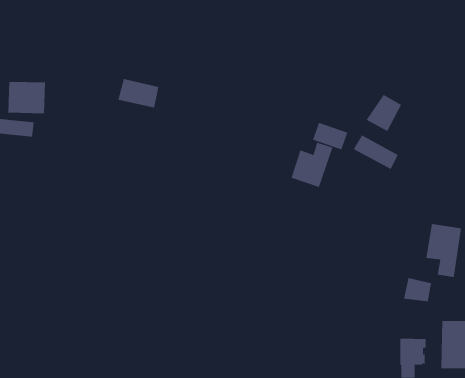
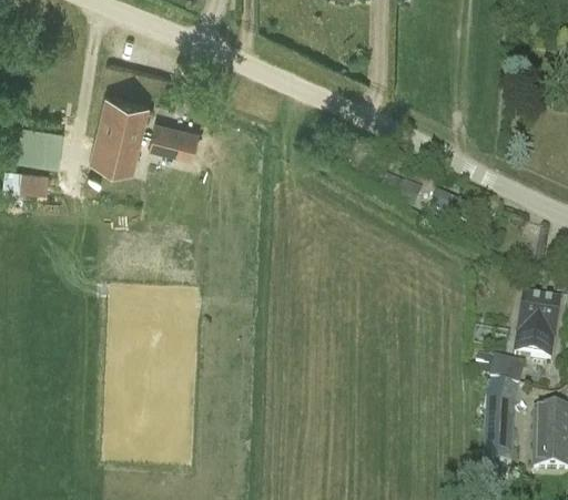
building: none -> [90,96,150,173]
building: [366,94,402,132] -> none
building: [291,142,333,188] -> none
building: none -> [485,387,519,422]

